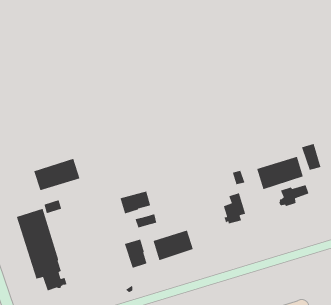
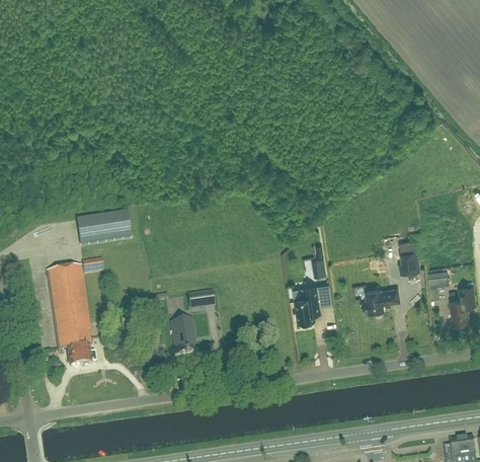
building: [256,156,304,190] -> none
building: [120,190,151,215] -> none
building: [152,230,194,261] -> none

